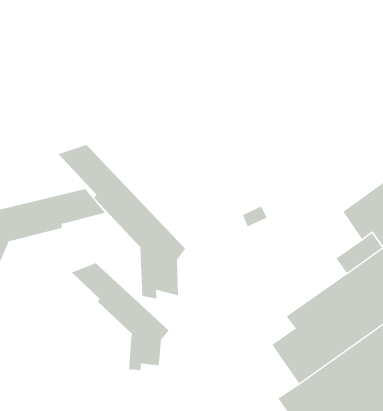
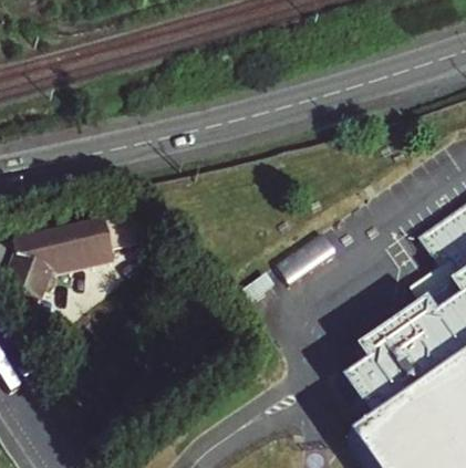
building: [58,144,186,300] -> none
building: [71,262,170,371] -> none

